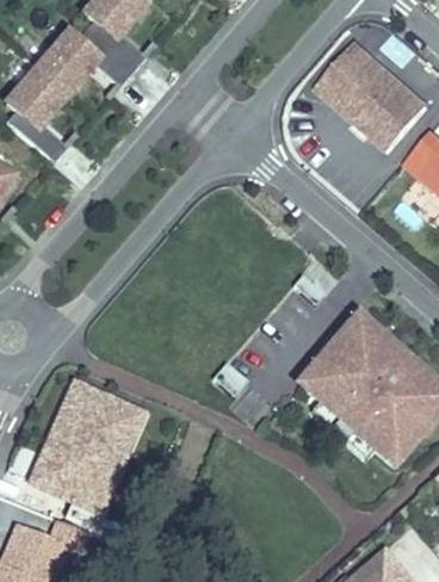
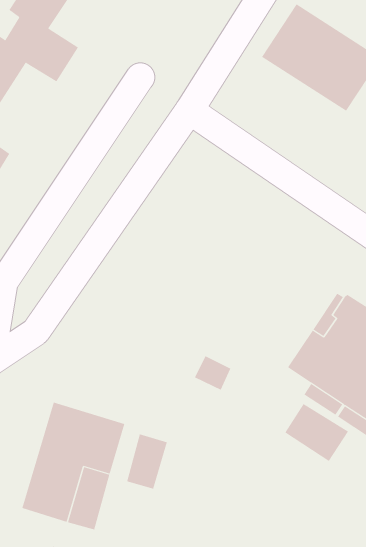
building: none -> [285,403,349,462]
building: none -> [126,434,167,489]

